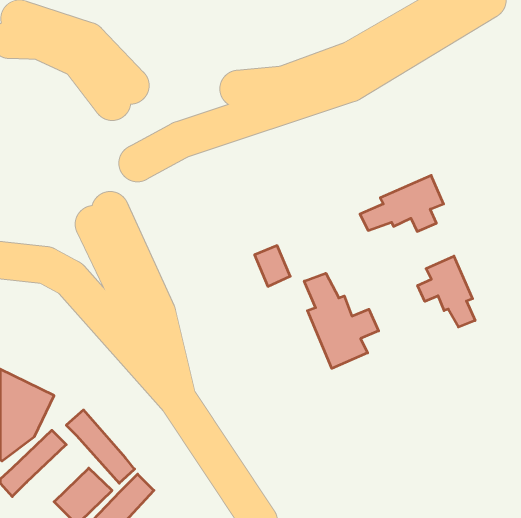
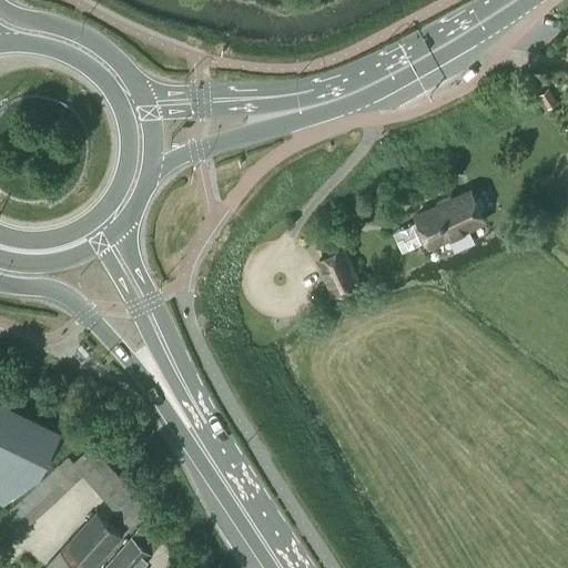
building: [255,246,290,286] -> [318,252,357,296]
building: [418,256,475,327] -> none
building: [304,273,379,368] -> none

